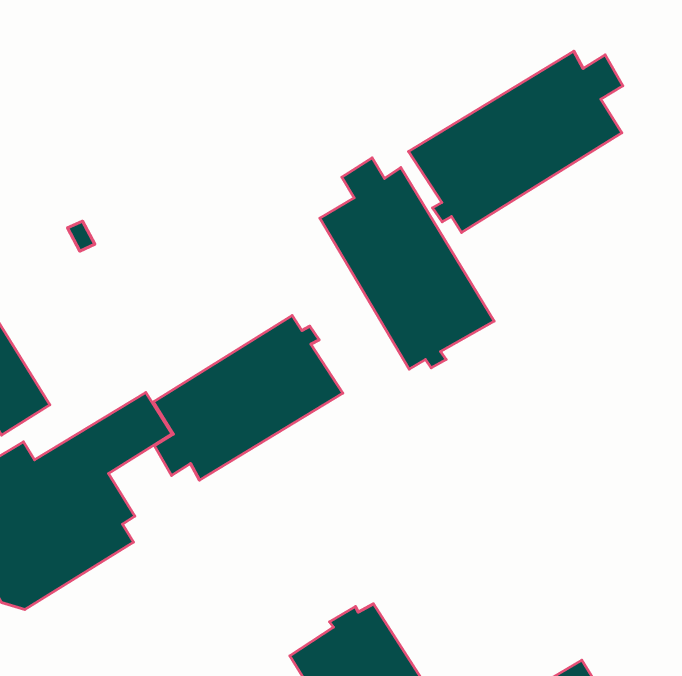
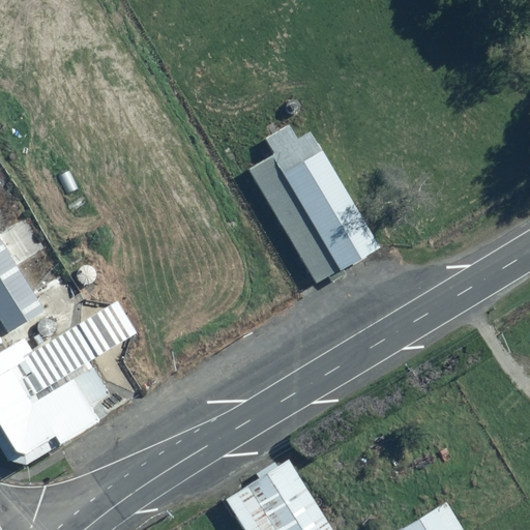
building: [409,51,623,233] -> none
building: [154,315,343,480] -> none

